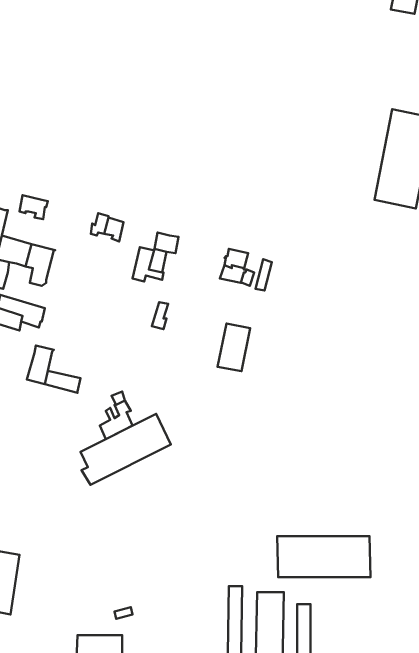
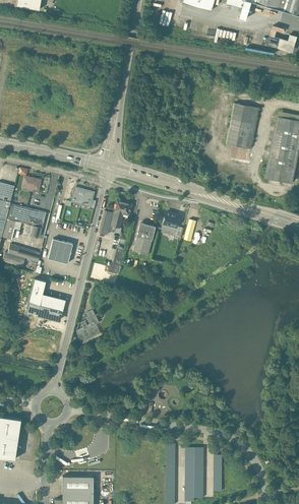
building: none -> [227,103,259,148]
building: none -> [48,238,72,263]
building: [218,324,250,371] -> [132,222,155,254]
building: [80,414,171,485] -> none
building: [277,536,370,577] -> none

